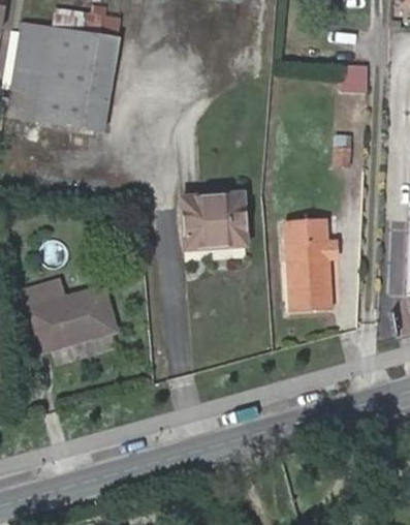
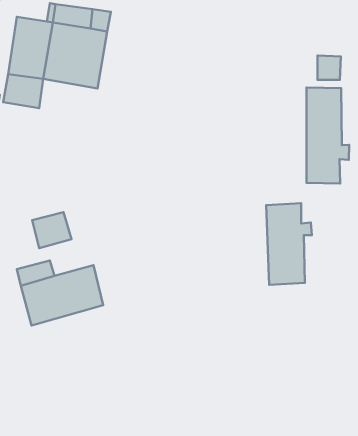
building: [45,89,107,129] -> none
building: none -> [306,87,349,184]
building: [182,195,243,245] -> none
building: none -> [32,212,71,248]

